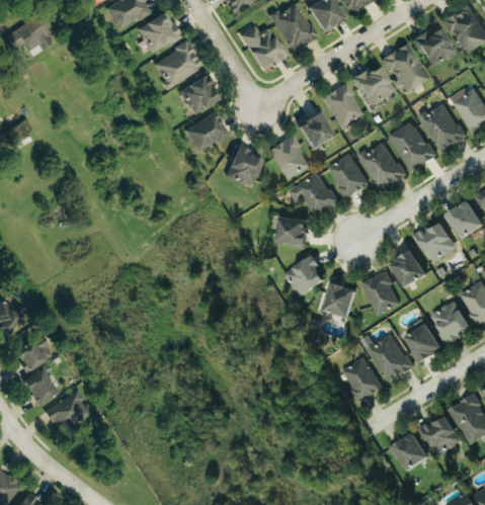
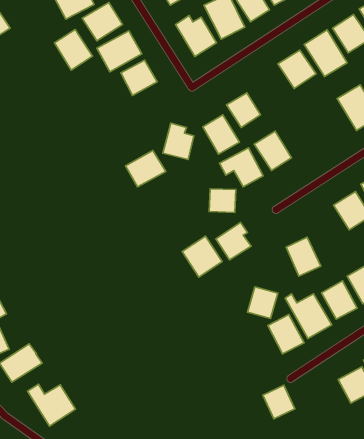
building: none -> [54,29,92,70]
building: [322,83,365,128] -> none
building: [185,111,230,152] -> [126,150,166,187]
building: [389,120,435,172] -> none
building: [359,141,405,190] -> none
building: [390,250,426,287] -> none
building: none -> [182,236,222,277]
building: [322,282,355,318] -> [248,287,278,319]
building: [392,433,427,471] -> [263,385,295,419]
building: none -> [27,384,75,426]

